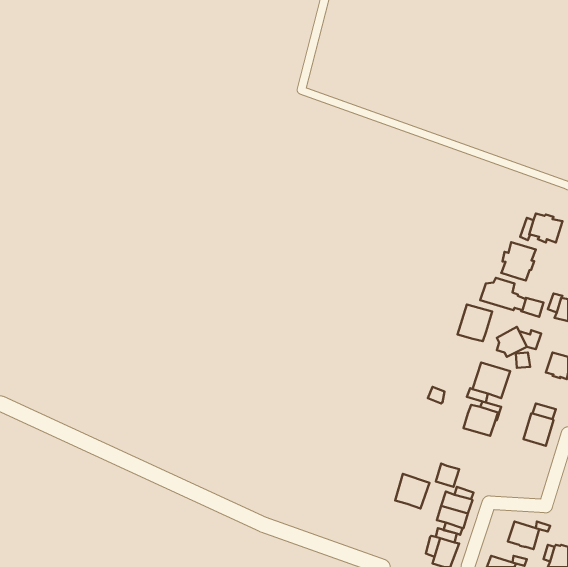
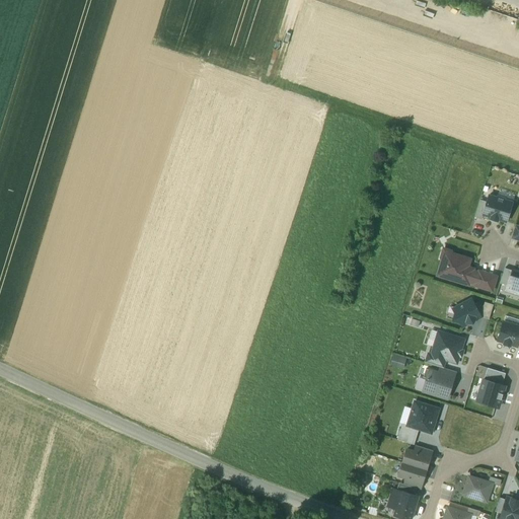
building: [501,242,536,280] -> none
building: [457,305,492,341] -> none
building: [395,474,429,508] -> [407,400,439,432]

